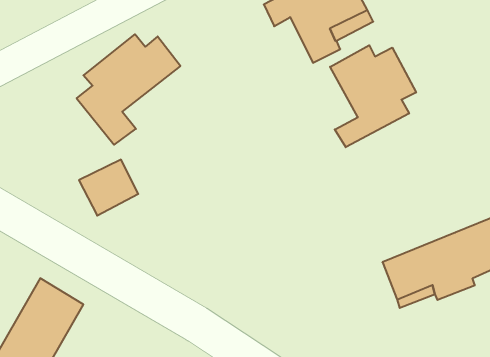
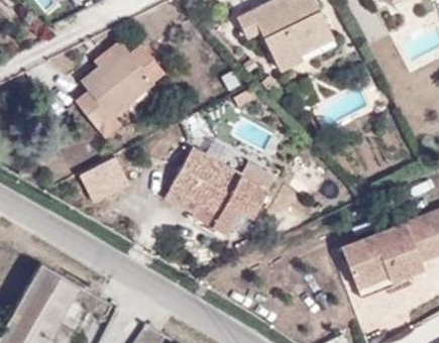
building: [330,45,416,147] -> none
building: none -> [171,146,275,235]

